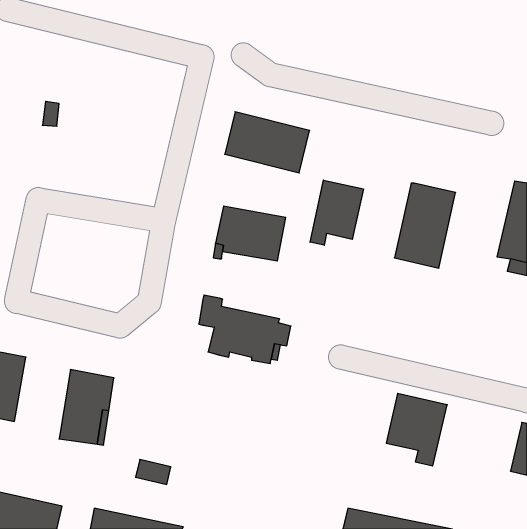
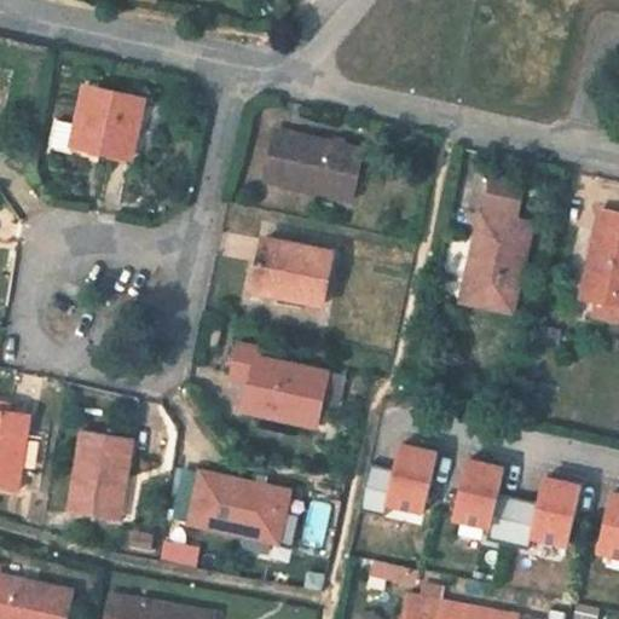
building: none -> [71,88,144,158]
building: none -> [484,179,523,221]
building: [310,180,363,245] -> none
building: none -> [358,445,435,516]
building: none -> [189,472,289,543]
building: none -> [505,473,579,549]

